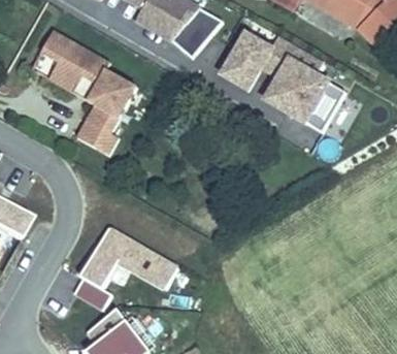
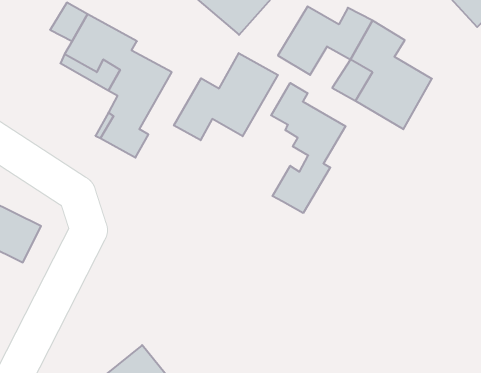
building: none -> [174,53,278,140]
building: none -> [271,83,346,213]
building: [71,225,178,310] -> none

